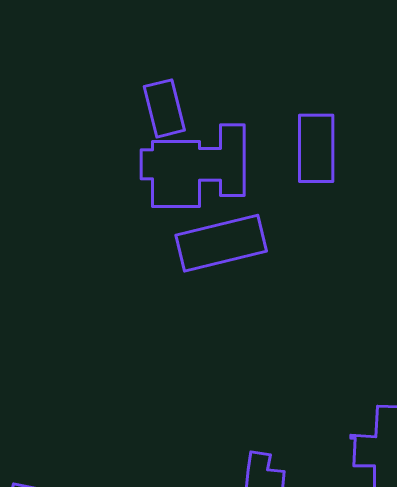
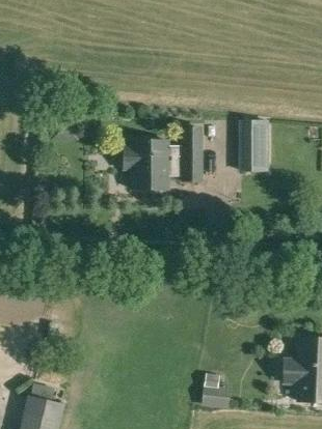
building: [144,80,184,137] -> none
building: [176,215,266,271] -> none

